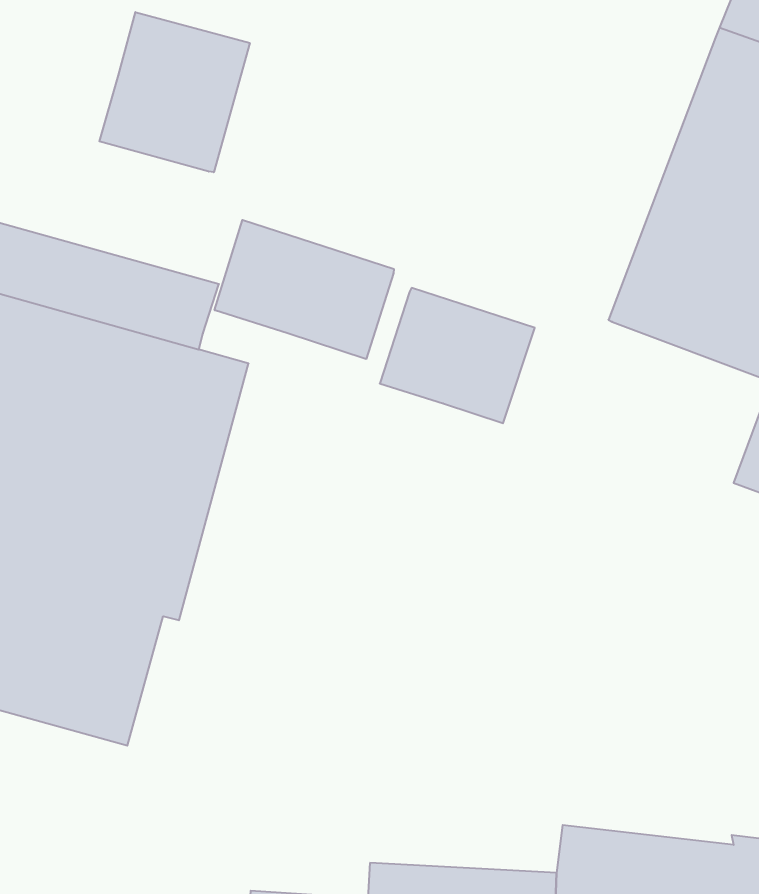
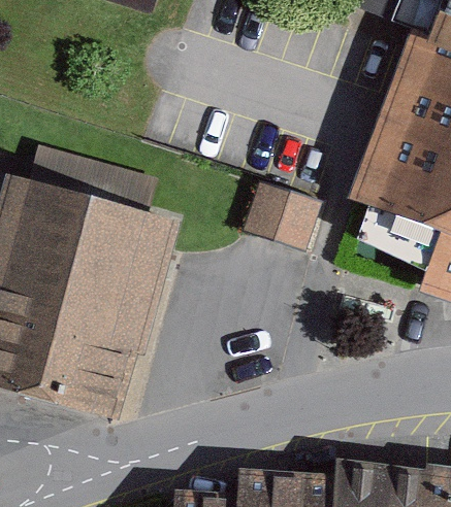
building: [99,12,250,172] -> none
building: [215,220,394,359] -> none

